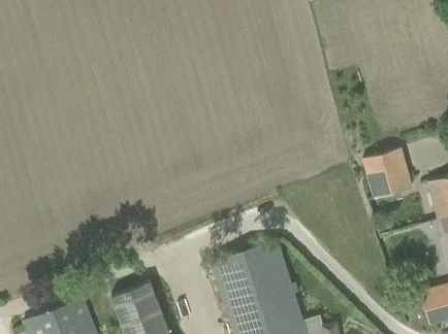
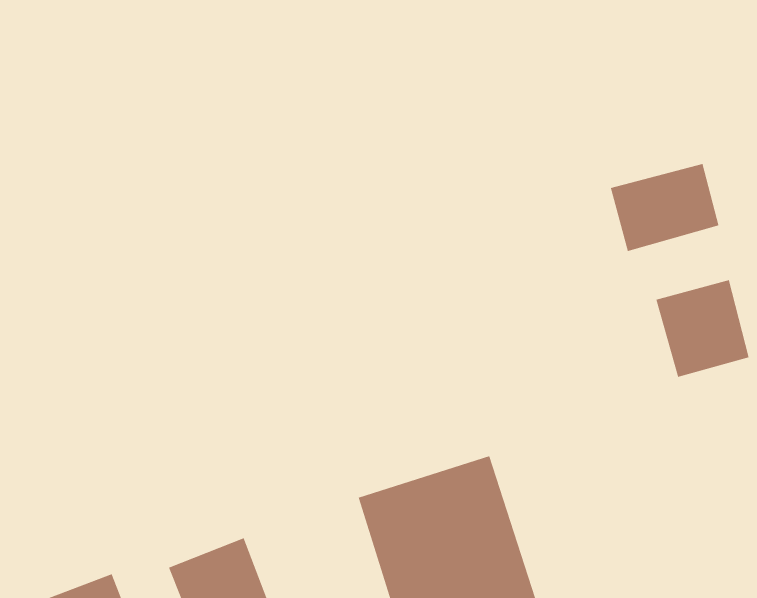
building: none -> [610,163,719,252]

